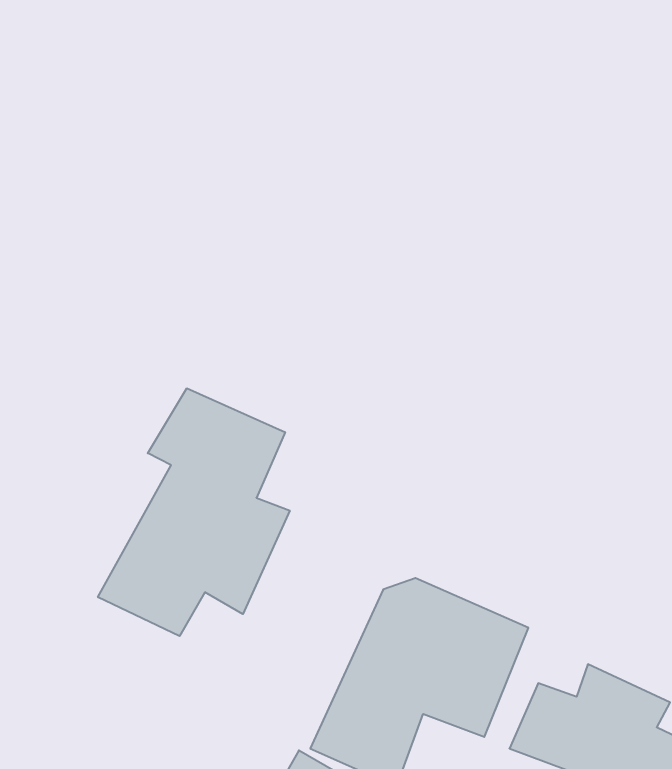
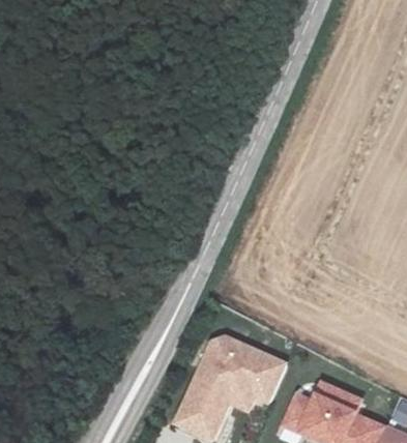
building: [98,388,290,636] -> none

